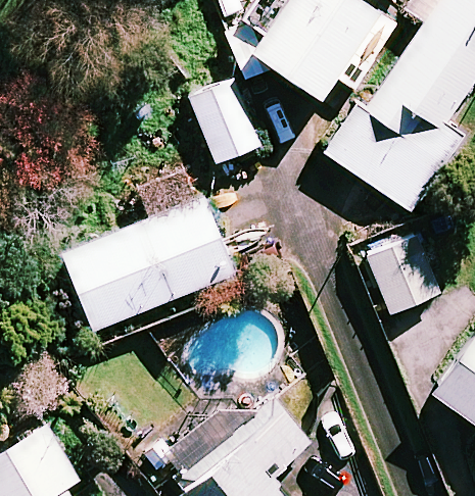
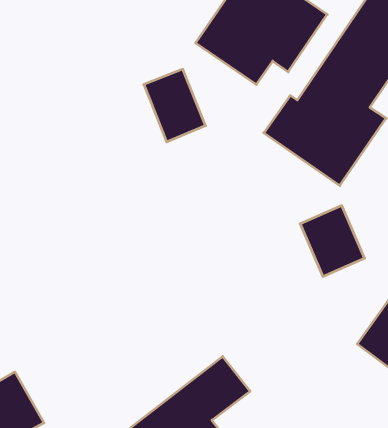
building: [61,198,231,331] -> none

